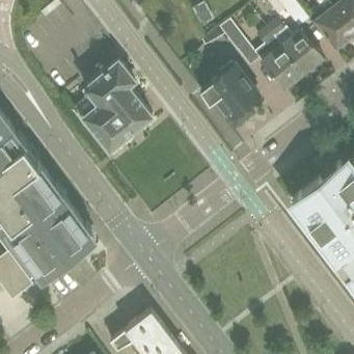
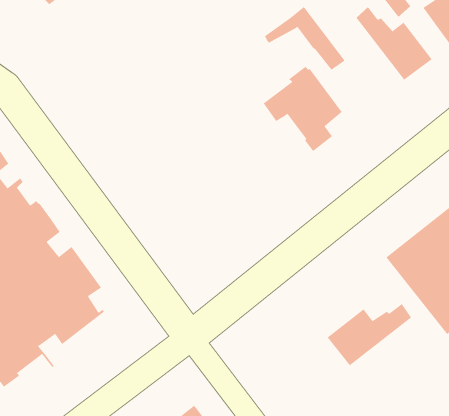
building: [255,29,301,90] -> none
building: [74,61,151,151] -> none
building: none -> [327,303,412,366]

